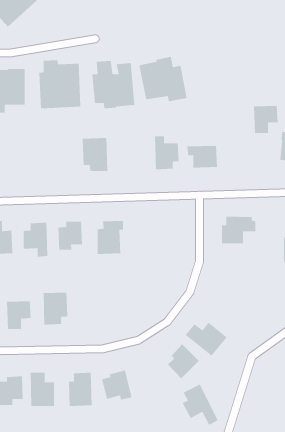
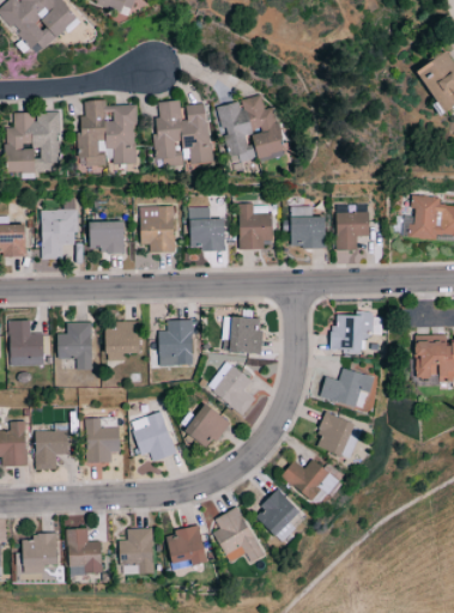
building: [253,105,279,133] -> [335,212,370,250]
building: none -> [41,199,77,260]
building: none -> [189,207,225,251]
building: none -> [90,221,125,254]
building: none -> [223,317,261,353]
building: none -> [207,362,255,414]
building: none -> [320,369,374,408]
building: none -> [180,403,229,449]
building: none -> [131,411,176,462]
building: none -> [317,412,363,460]
building: [182,384,218,426] -> [213,506,264,564]

